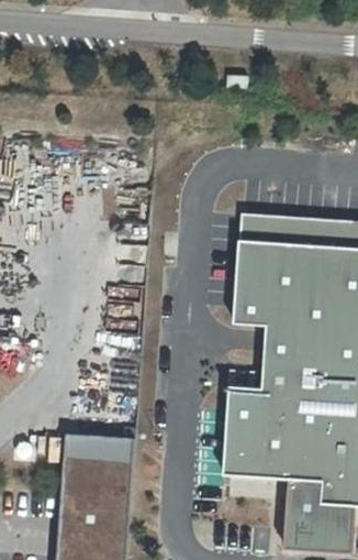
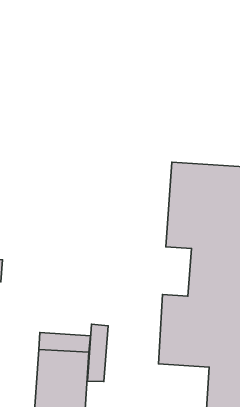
building: none -> [88,324,108,381]

